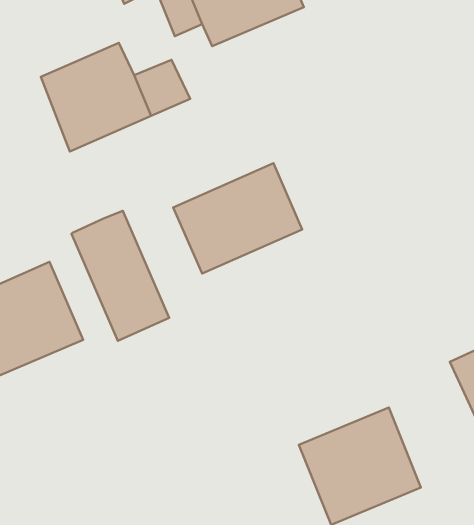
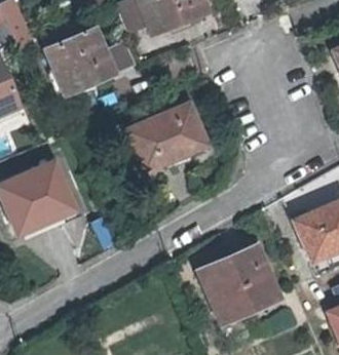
building: [71,211,169,341] -> none

